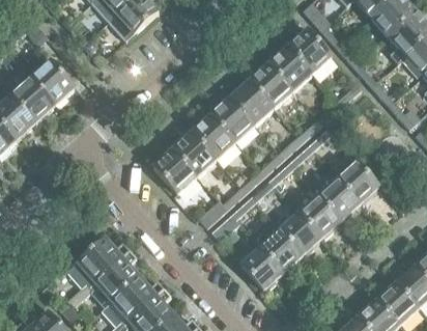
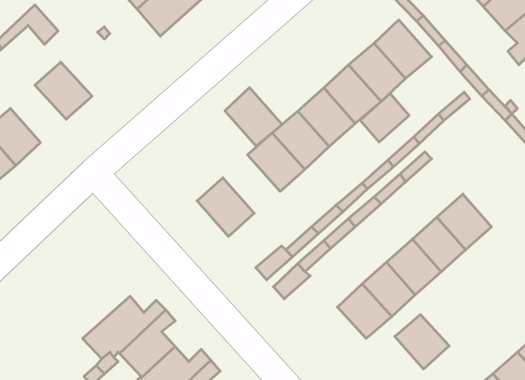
building: [11,78,54,121] -> none
building: none -> [360,94,409,142]
building: [173,131,217,175] -> [225,88,282,146]
building: [240,247,282,288] -> [395,315,449,369]

